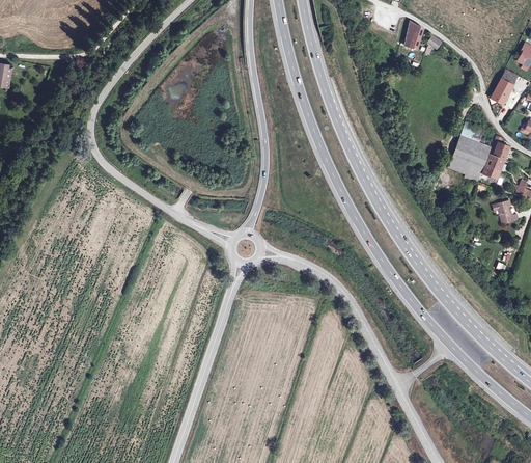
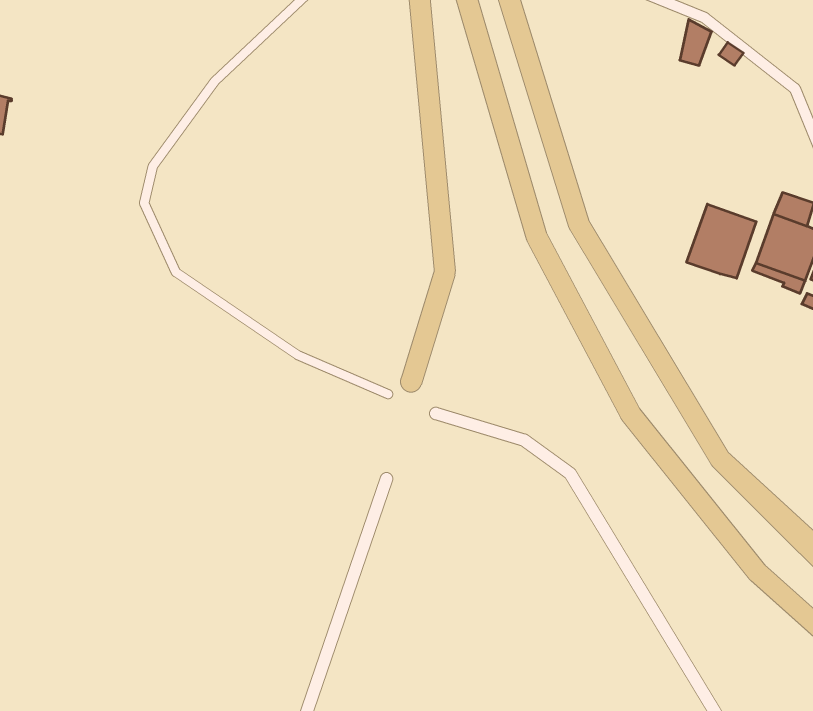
building: none -> [687,204,756,278]

